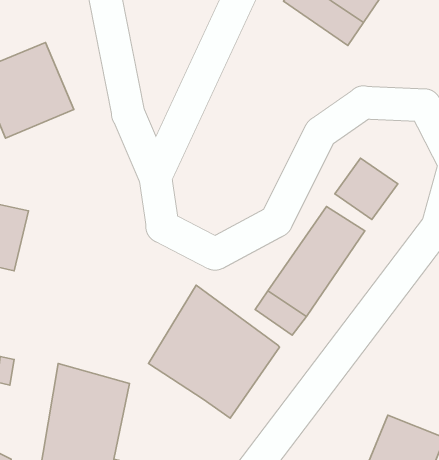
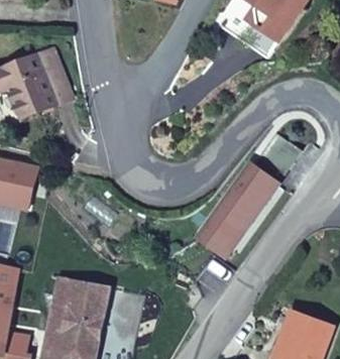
building: [149,285,279,418] -> none

